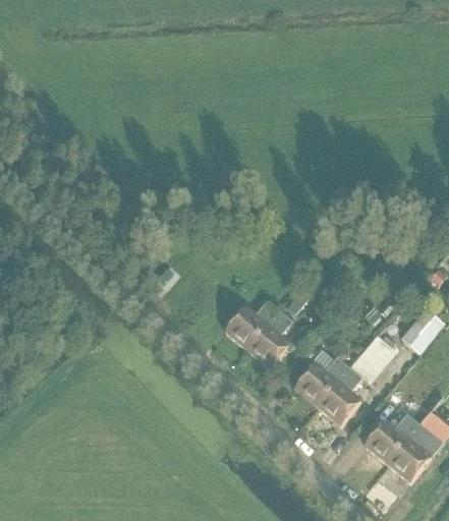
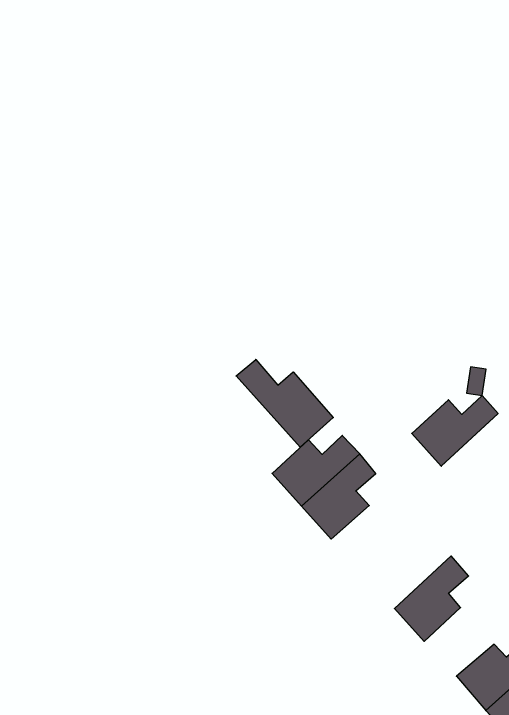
building: none -> [236,359,333,447]
building: [294,355,348,405] -> [412,395,498,466]

